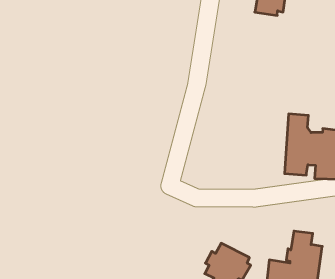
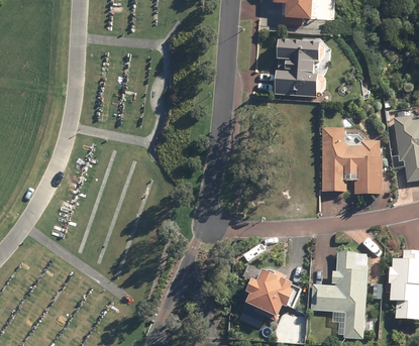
building: none -> [275,40,318,96]

